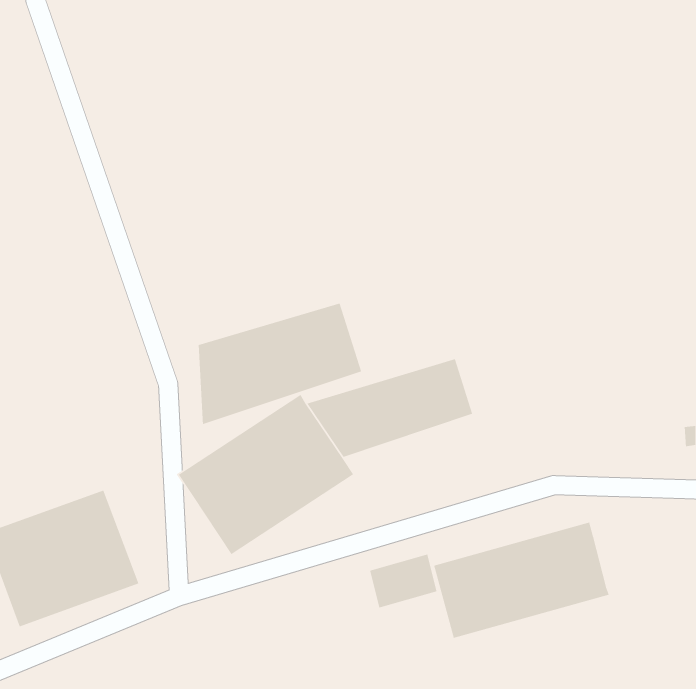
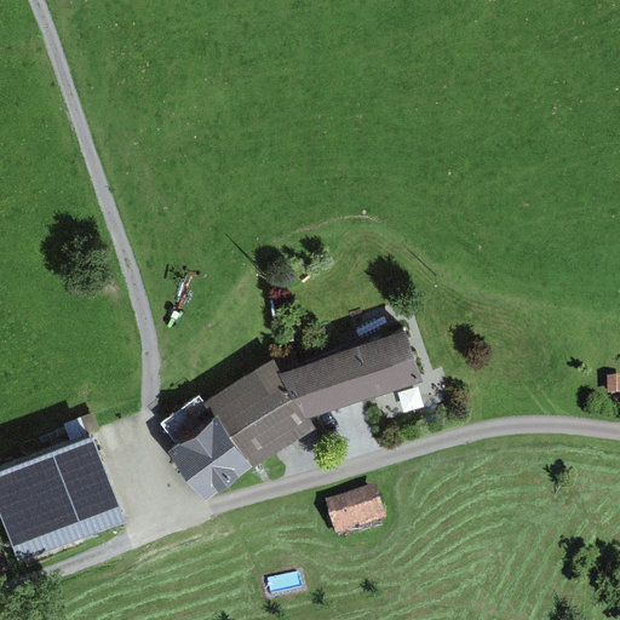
building: [198,302,362,425] -> none
building: [433,521,610,639] -> none

